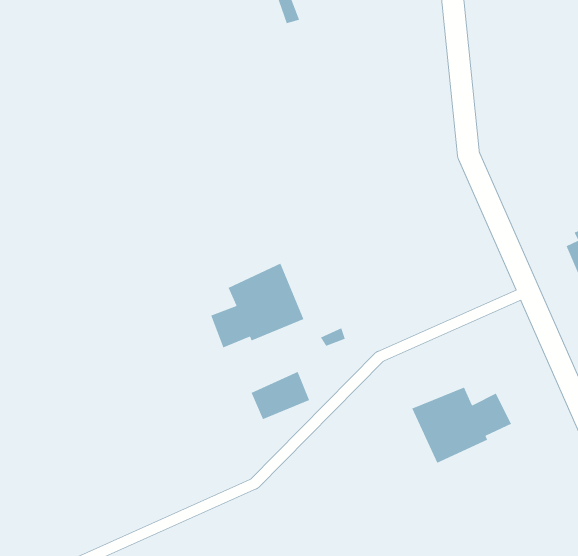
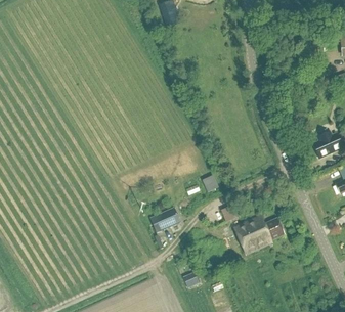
building: [210,263,304,349] -> none

